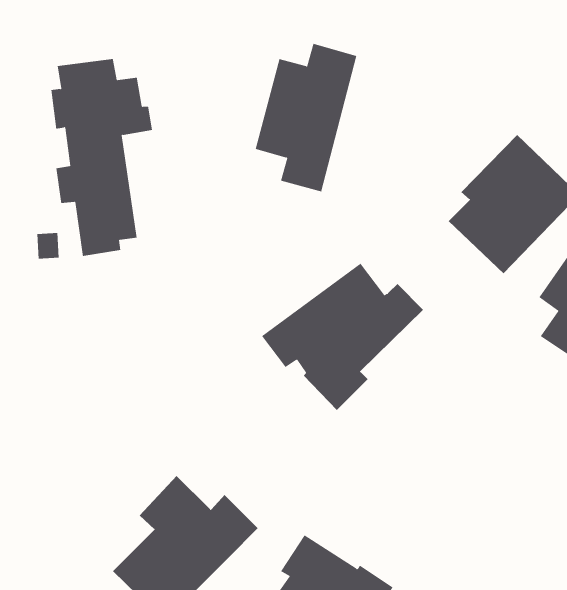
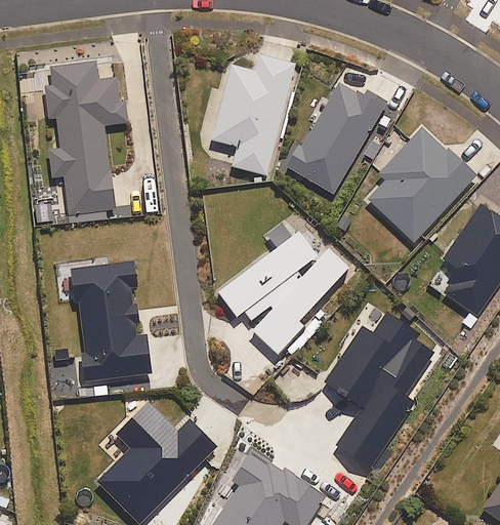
building: none -> [289,82,387,193]
building: none -> [73,266,154,385]
building: none -> [324,314,435,466]

